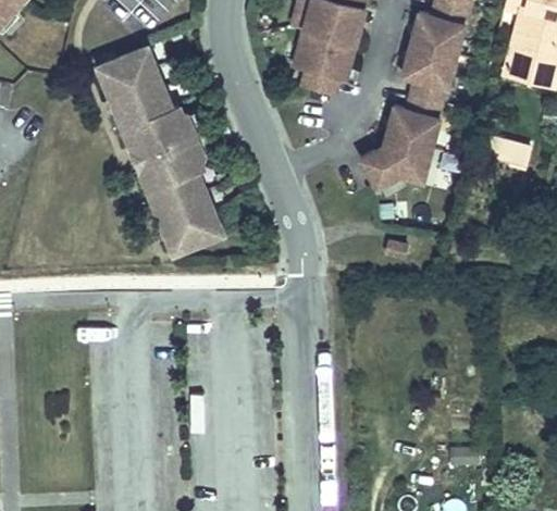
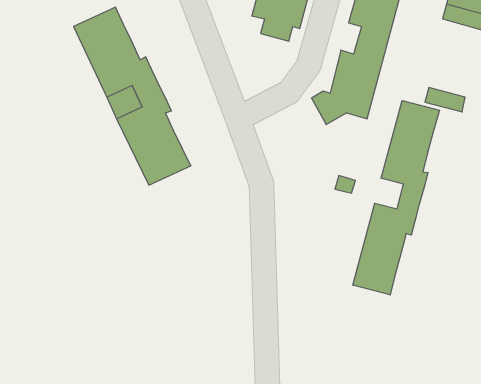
building: none -> [353,101,440,295]

